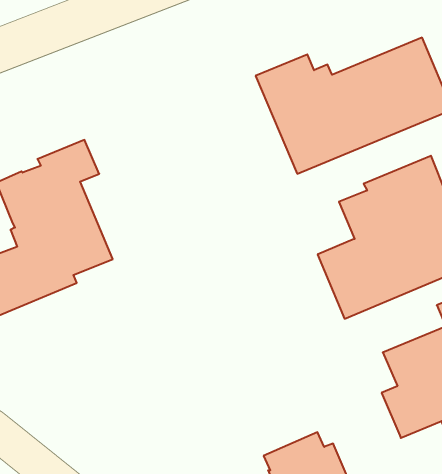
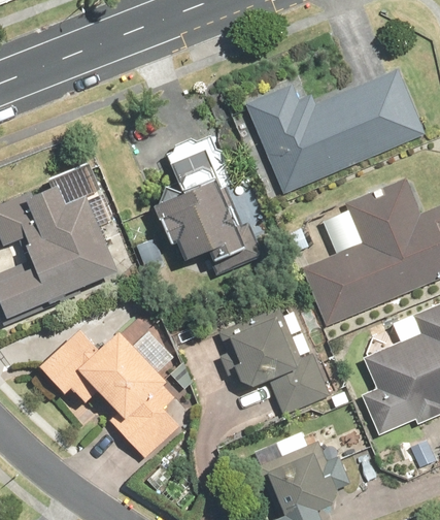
building: none -> [148,131,263,273]
building: none -> [218,305,331,415]
building: none -> [35,327,195,461]

